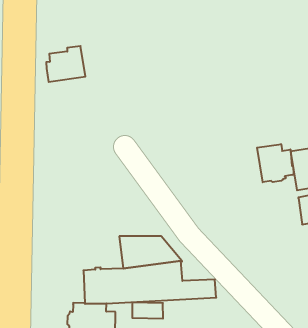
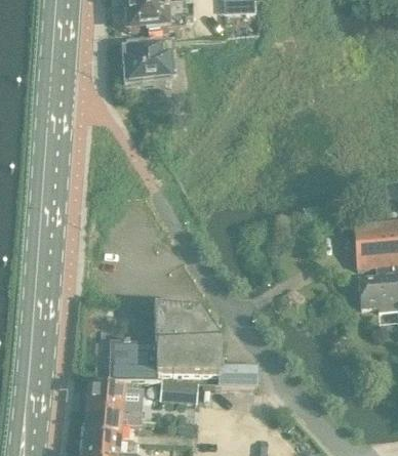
building: [46,46,85,82] -> [127,45,170,83]
building: [257,144,294,182] -> none

